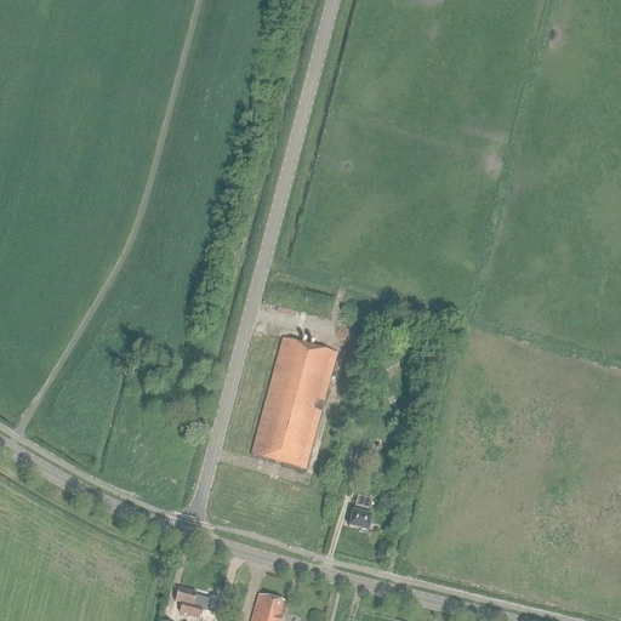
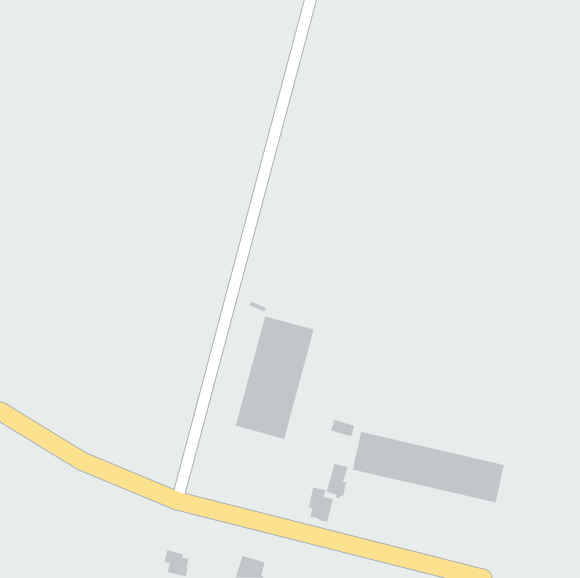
building: none -> [352,431,504,503]
building: none -> [308,487,333,523]

